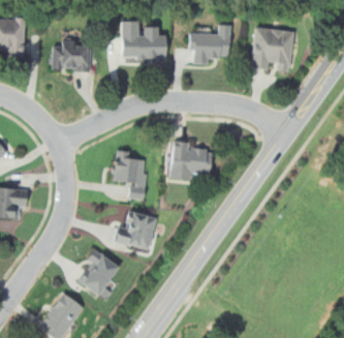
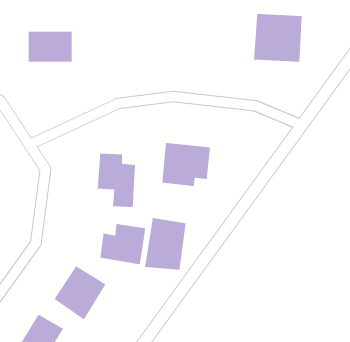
building: [120,20,165,60] -> none
building: [188,24,230,62] -> none
building: none -> [144,217,187,271]

